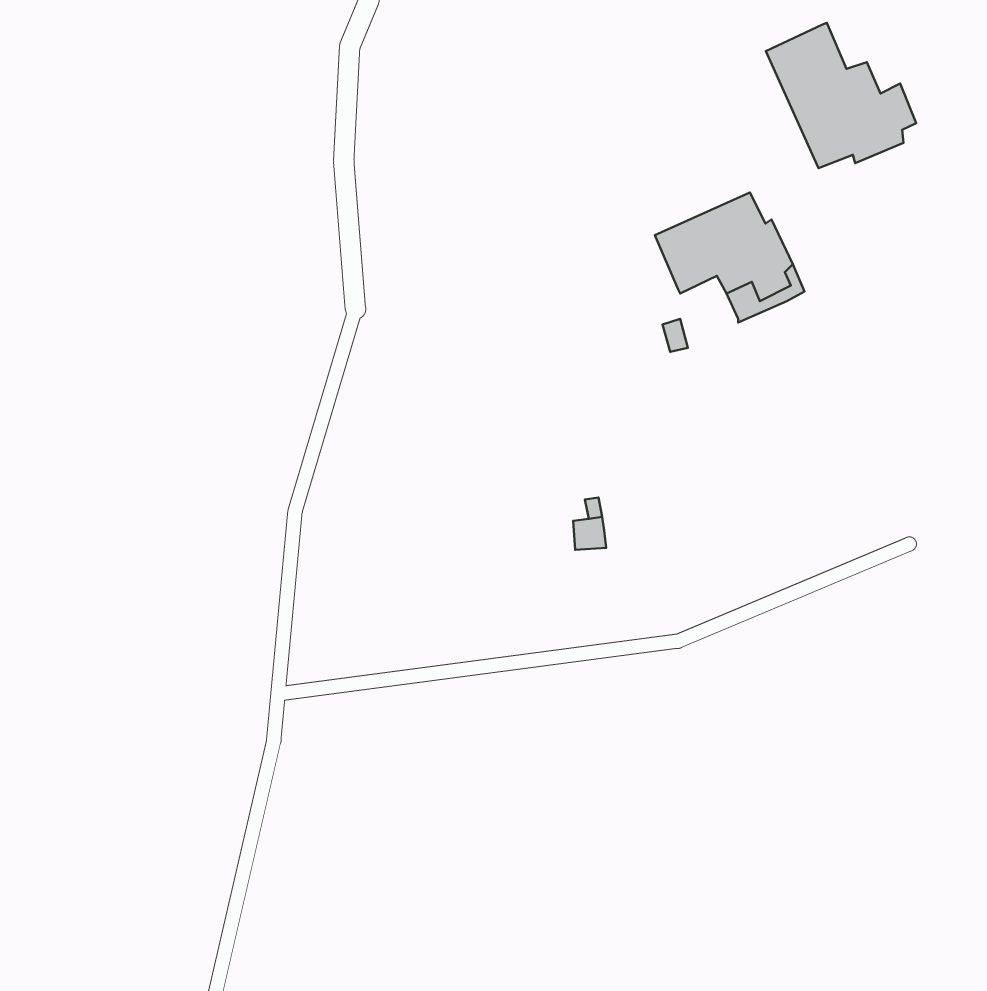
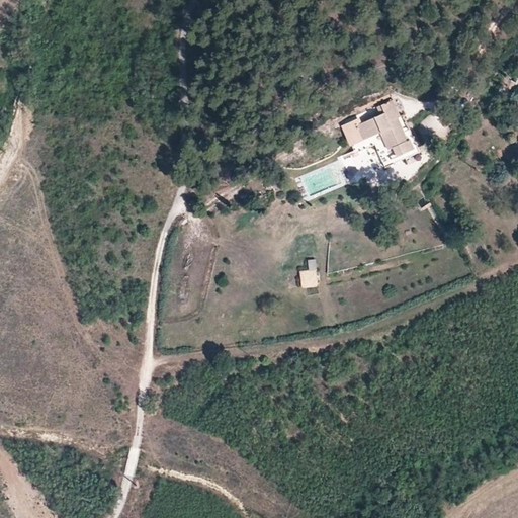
building: [766,23,916,168] -> none

